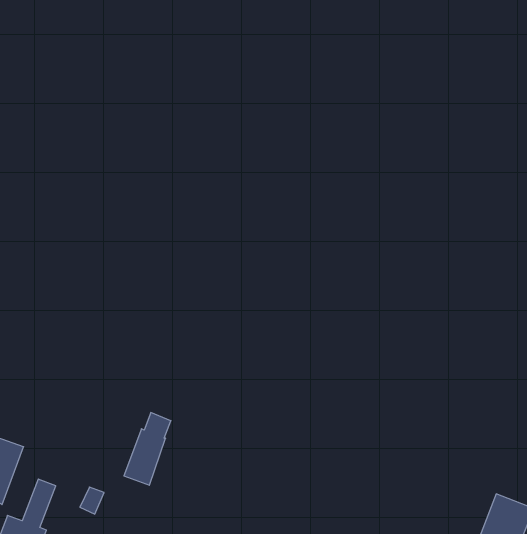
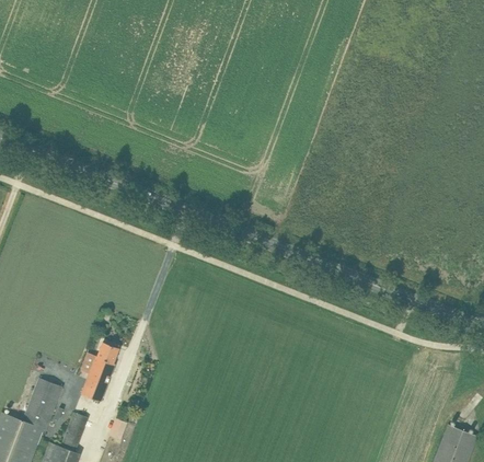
building: [124,413,171,485] -> [80,342,118,401]

